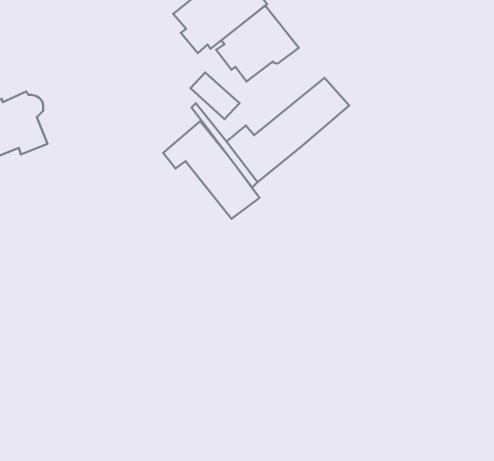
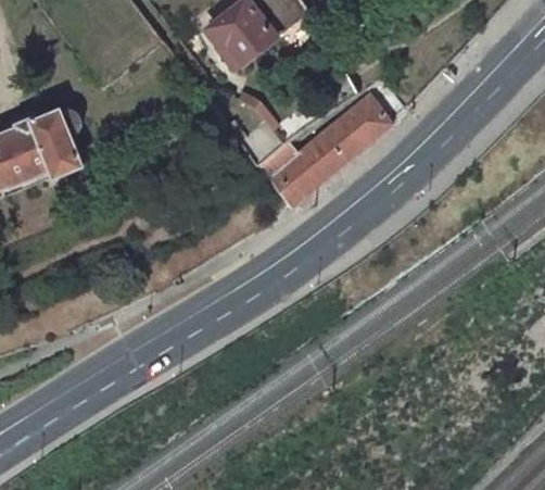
building: [216,6,299,82] -> none
building: [163,121,260,219] -> none

